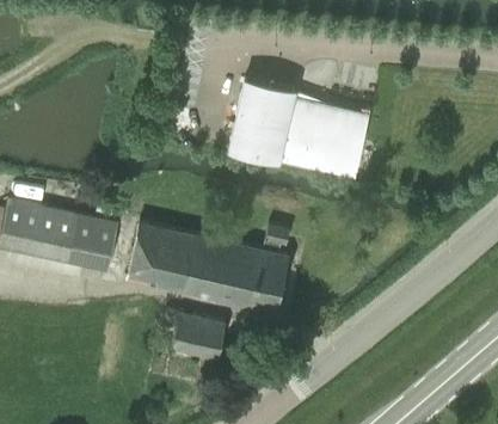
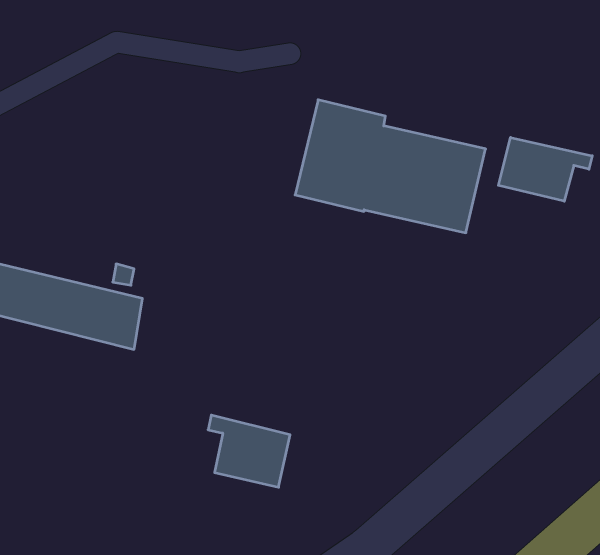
building: none -> [498,137,592,201]
building: [127,221,288,311] -> none

